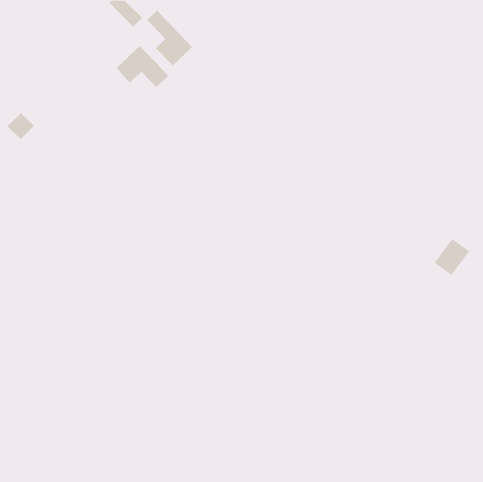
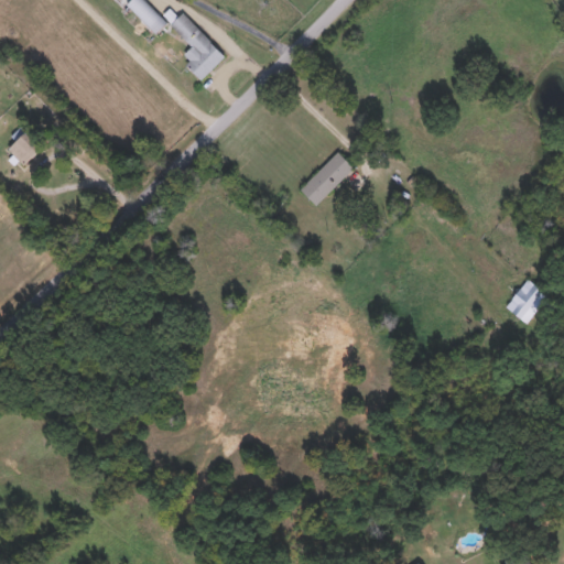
building: [116,45,169,88] -> none
building: none -> [300,152,354,206]

